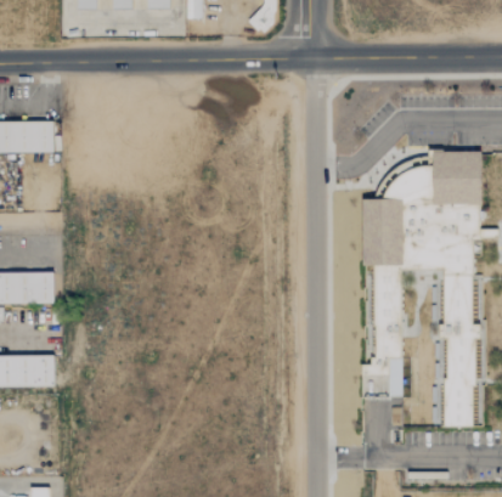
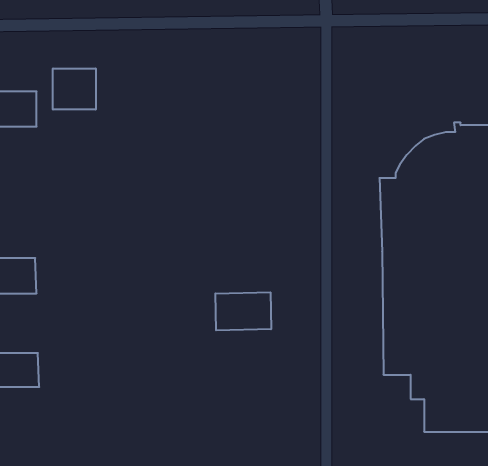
building: none -> [53,68,96,110]
building: none -> [215,292,271,330]

